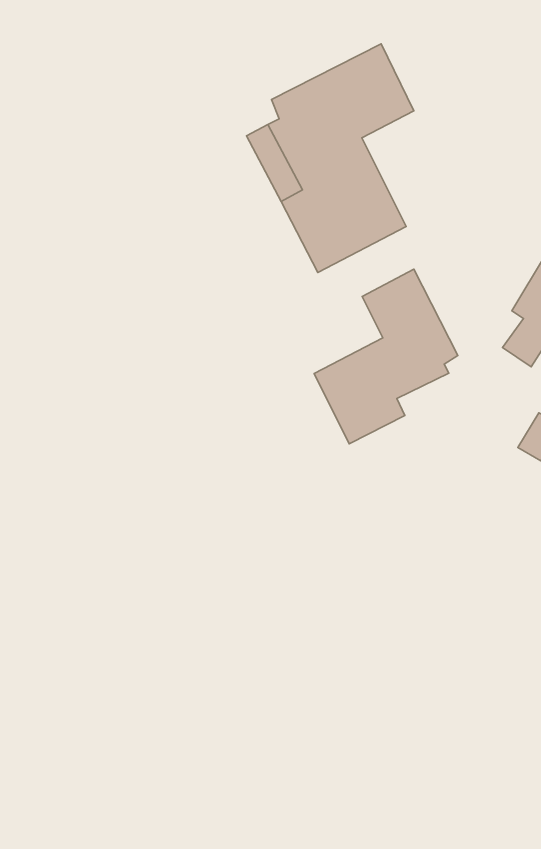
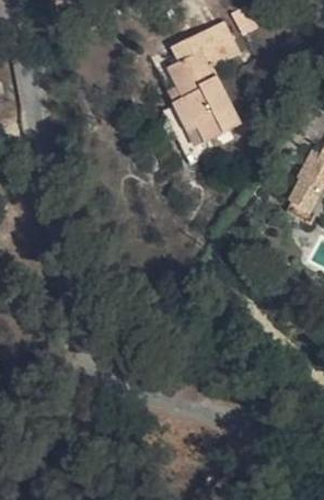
building: [314,269,458,444] -> none

